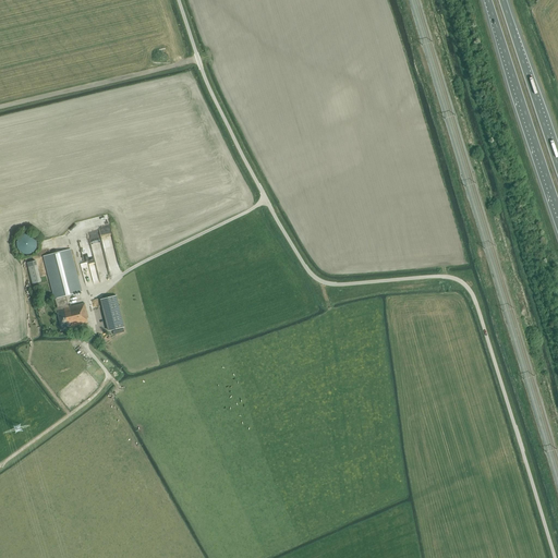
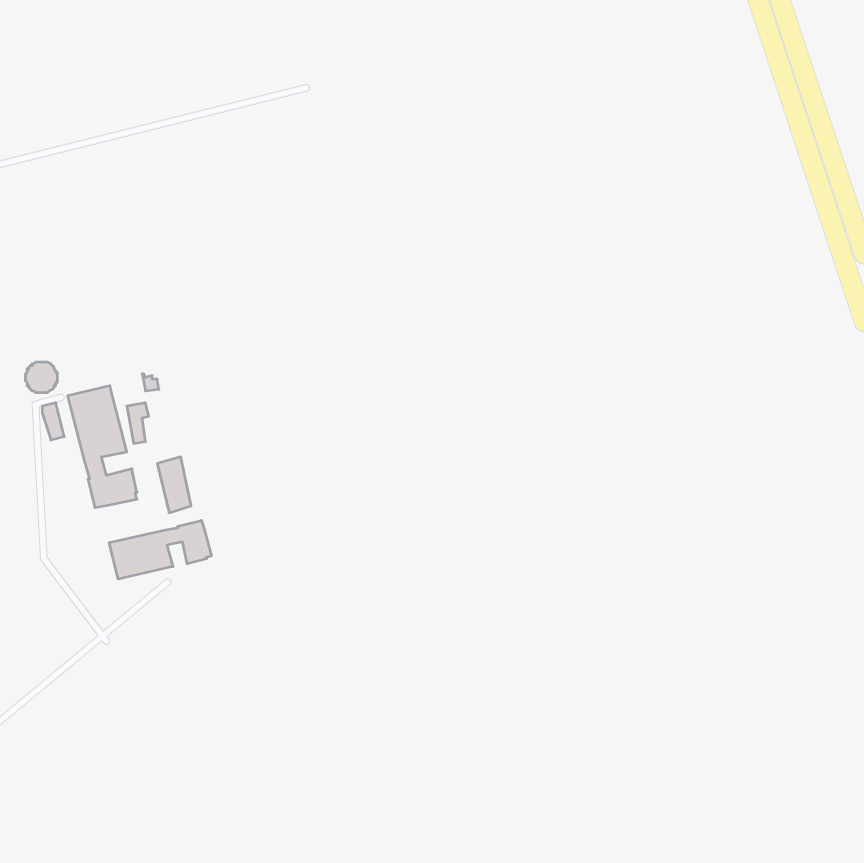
building: none -> [109,520,211,579]

